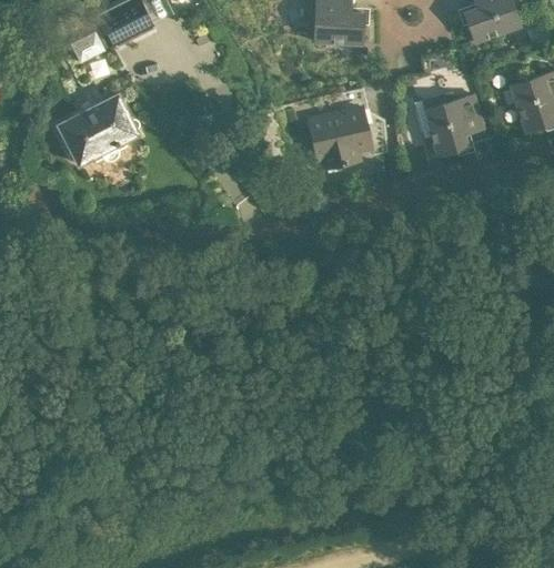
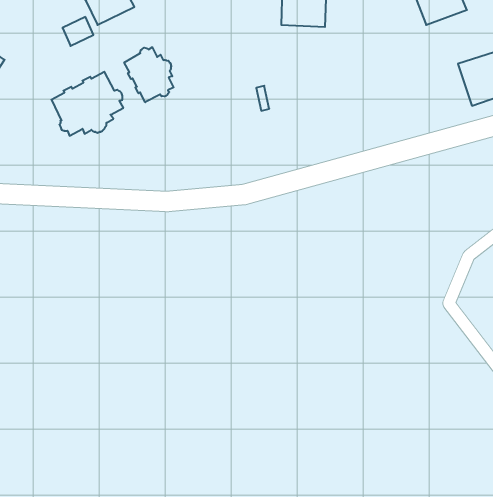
building: none -> [124,47,174,102]
building: [422,91,483,156] -> none
building: [309,108,389,168] -> none

